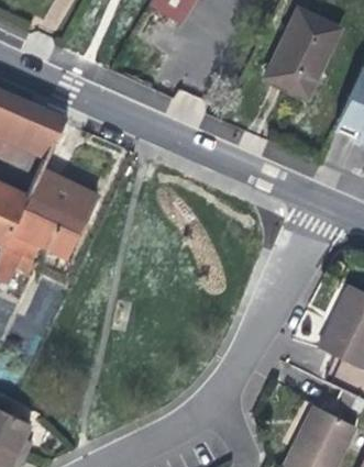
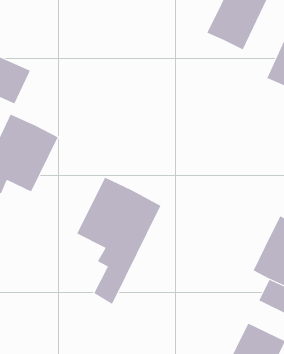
building: none -> [77,177,161,305]

